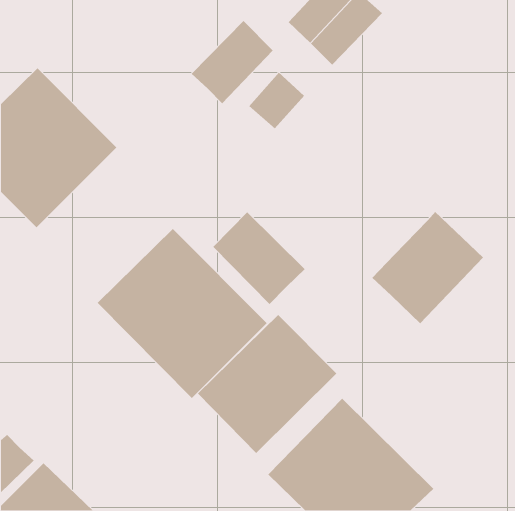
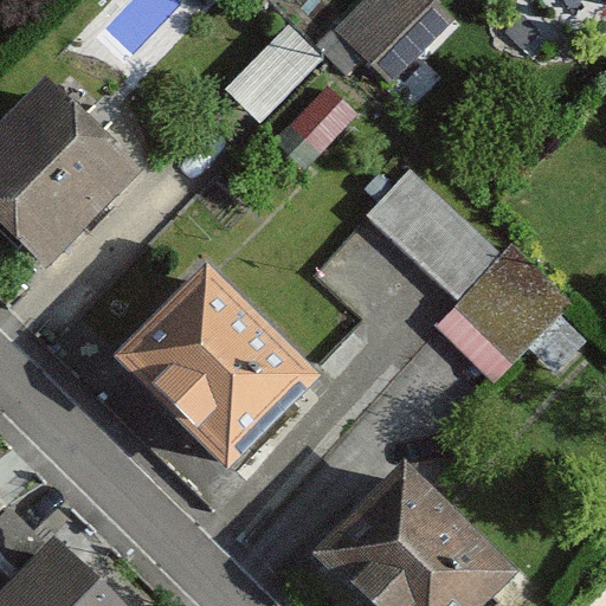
building: none -> [369,169,502,298]
building: [213,211,305,305] -> none
building: [197,314,337,454] -> none

